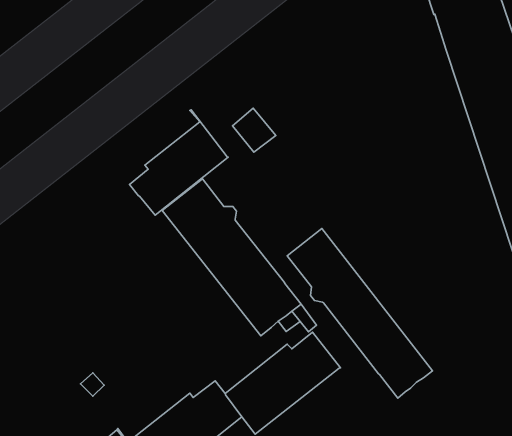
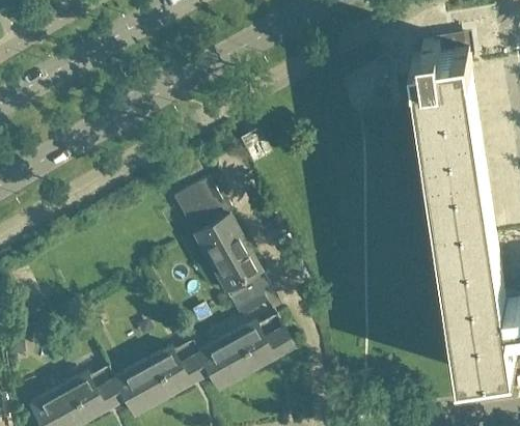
building: [130,110,228,215] -> none
building: [287,228,432,398] -> none

